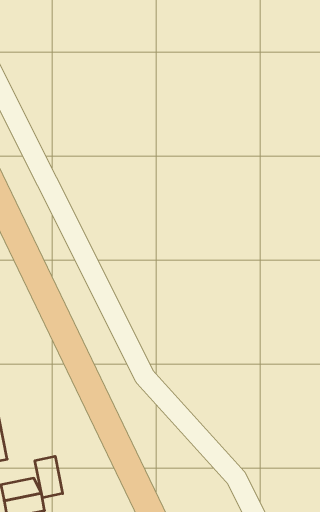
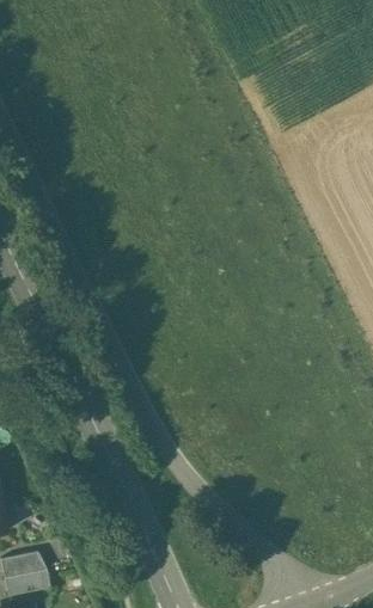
building: [35,456,63,498] -> none

